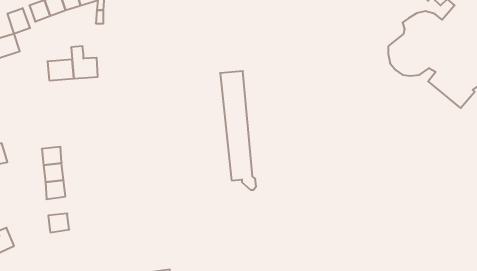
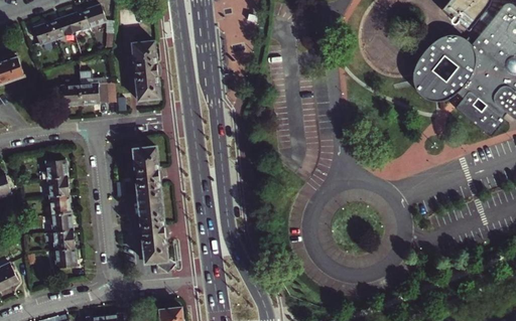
building: [8,8,30,34] -> none
building: none -> [131,40,159,101]
building: [220,71,256,190] -> [132,147,170,273]
building: none -> [44,159,67,179]
building: none -> [51,229,74,250]

